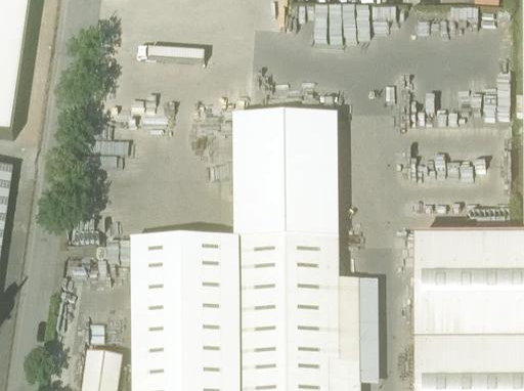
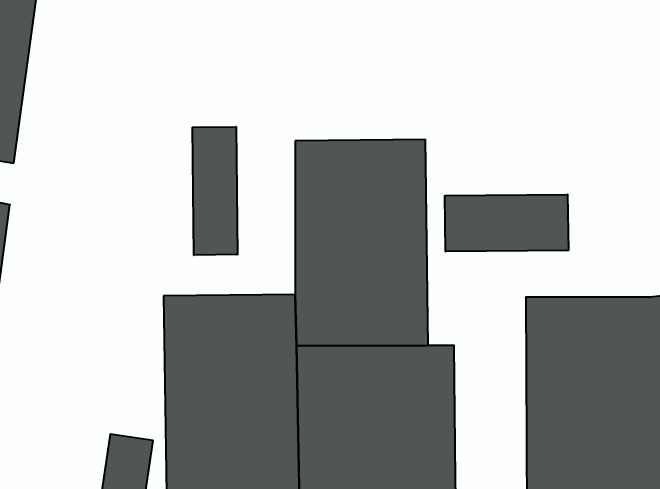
building: none -> [193,127,237,255]
building: none -> [445,194,568,252]
building: [358,273,379,378] -> none

